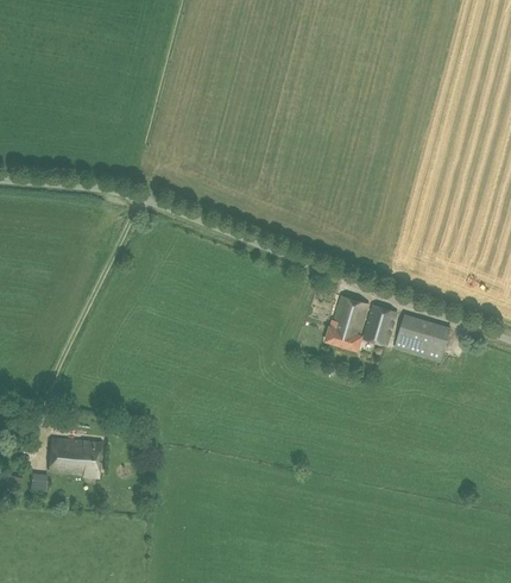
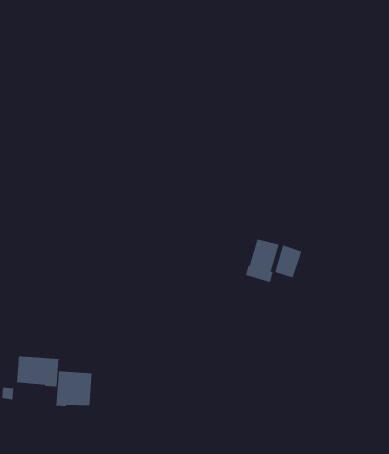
building: [393,313,449,361] -> none
building: none -> [56,370,92,407]

